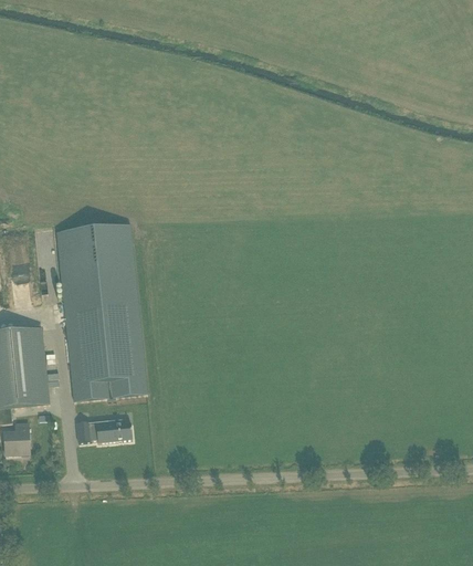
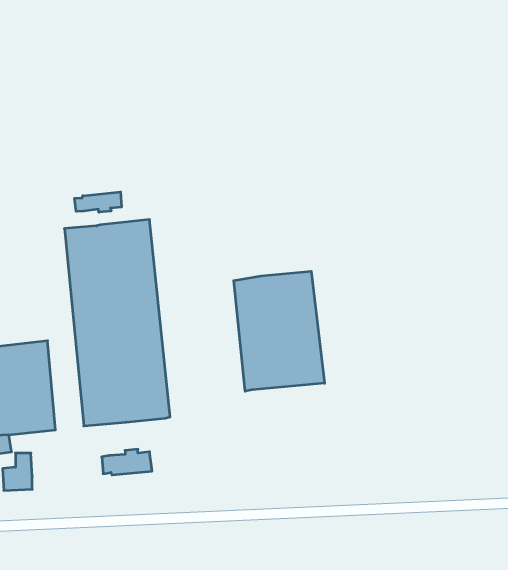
building: none -> [75,192,121,212]
building: none -> [234,271,325,391]

